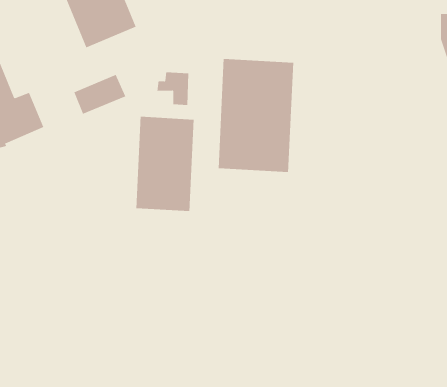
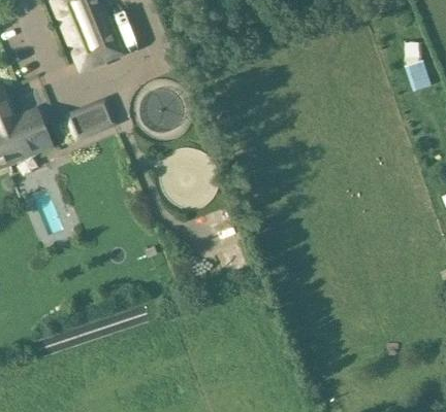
building: [218,58,294,173] -> none
building: [136,116,194,212] -> none

